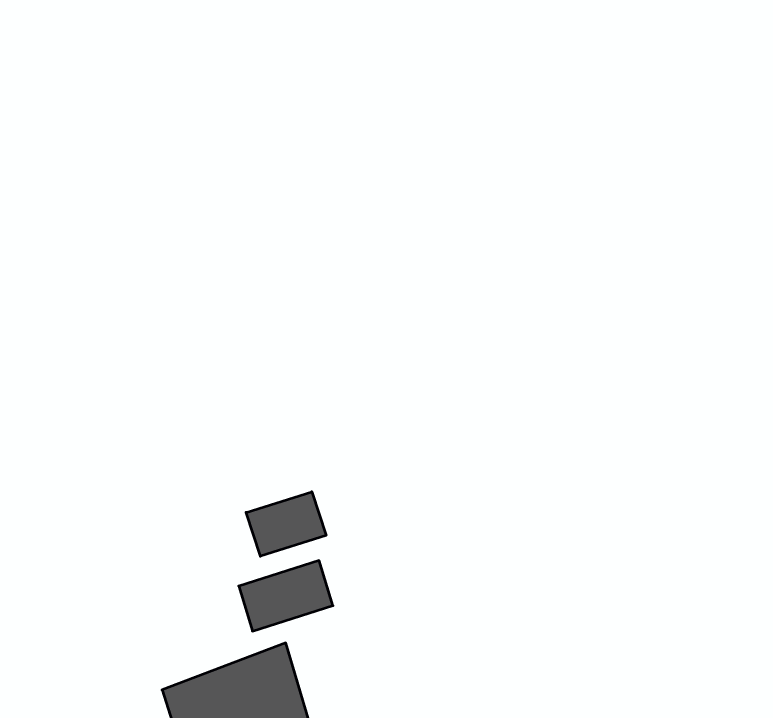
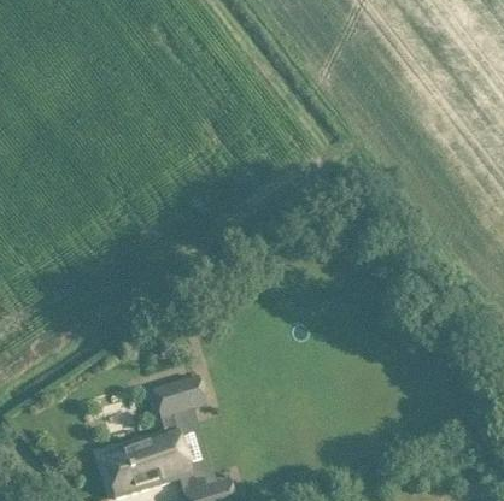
building: [246,492,326,556] -> none

